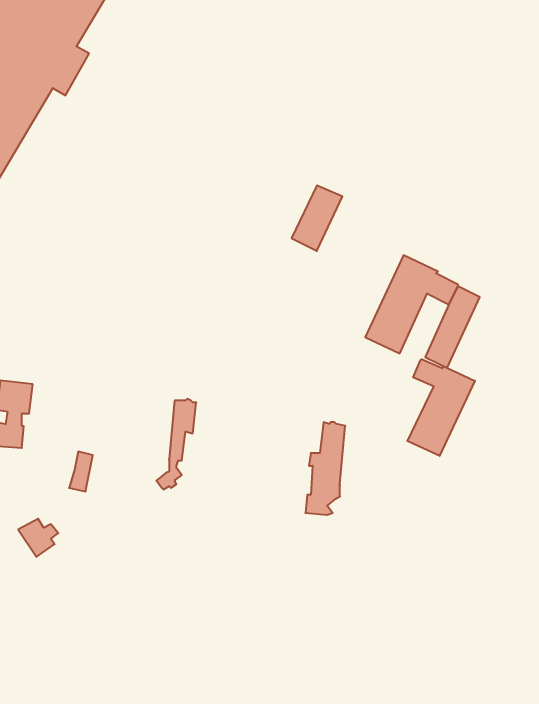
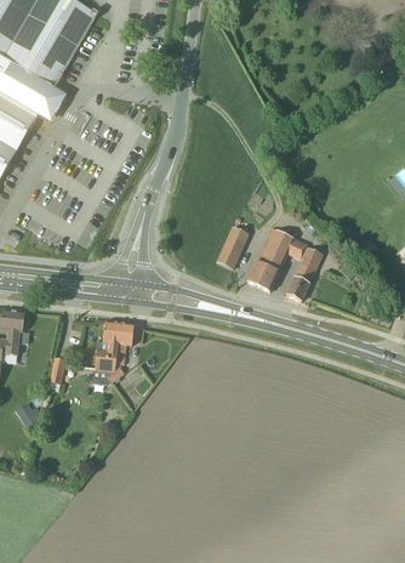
building: [292,185,342,251] -> [216,226,250,269]
building: [407,359,475,456] -> none
building: [305,422,345,515] -> [92,322,119,383]

